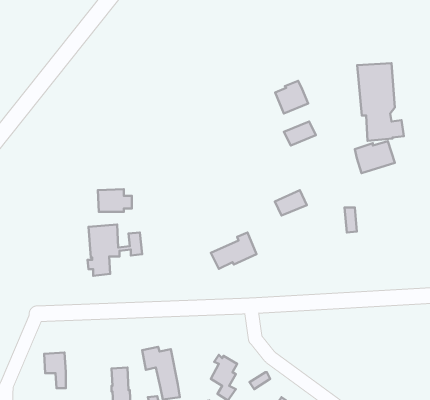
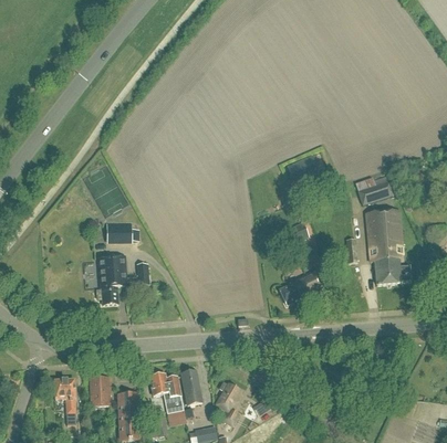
building: [357,63,404,141] -> [365,210,410,285]
building: [275,81,308,114] -> none
building: [211,232,257,269] -> [278,270,322,305]
building: none -> [179,370,201,405]
building: none -> [90,378,110,405]

